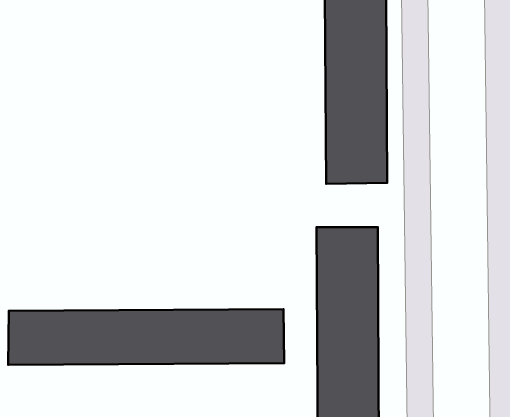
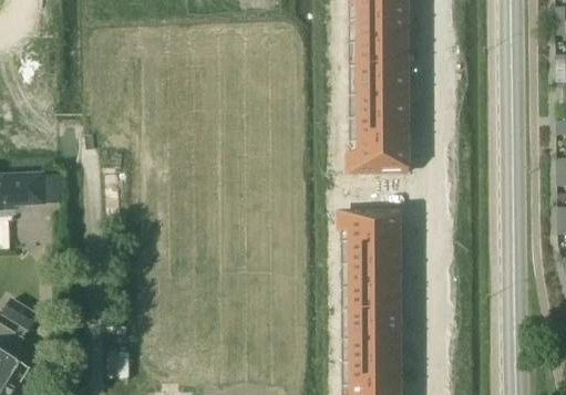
building: [8,309,284,365] -> none

